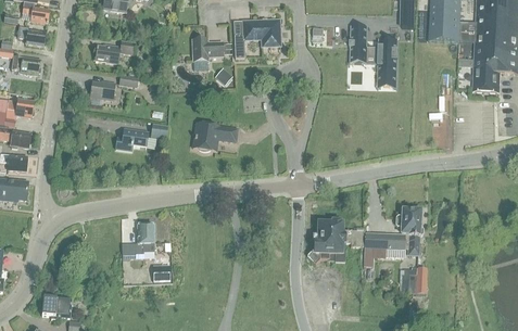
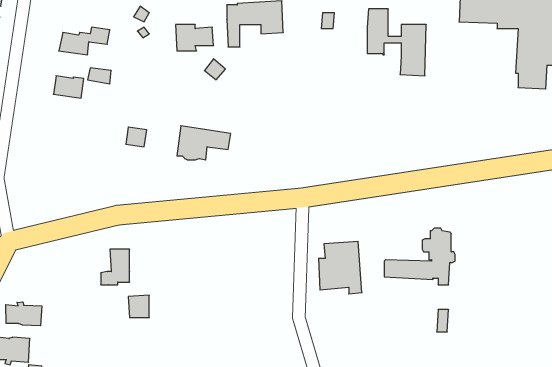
building: [115,128,148,150] -> none
building: none -> [6,302,42,326]

